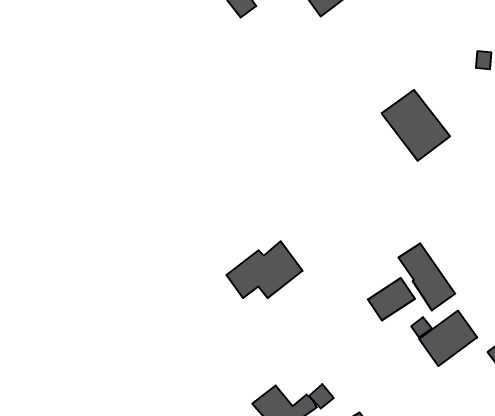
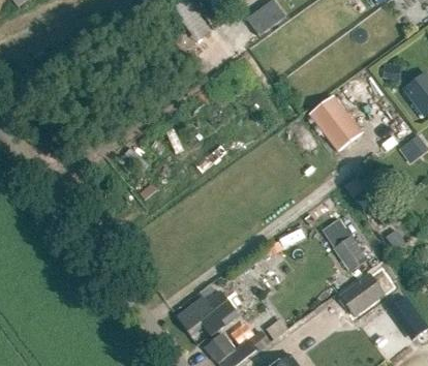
building: [226,241,303,298] -> [178,289,239,335]
building: [368,278,415,321] -> none

